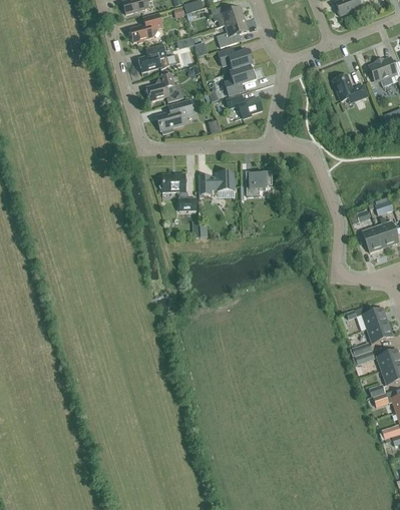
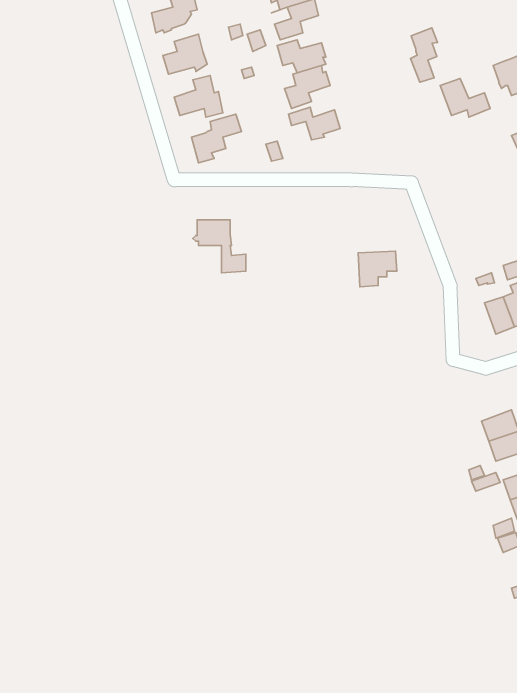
building: none -> [411,28,437,82]
building: [245,170,272,195] -> [358,251,397,287]
building: [198,171,234,198] -> none

